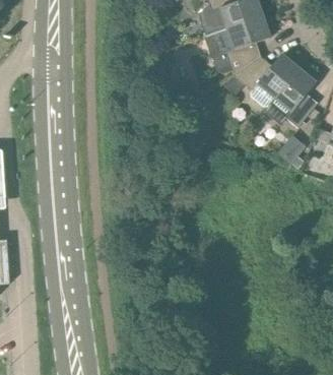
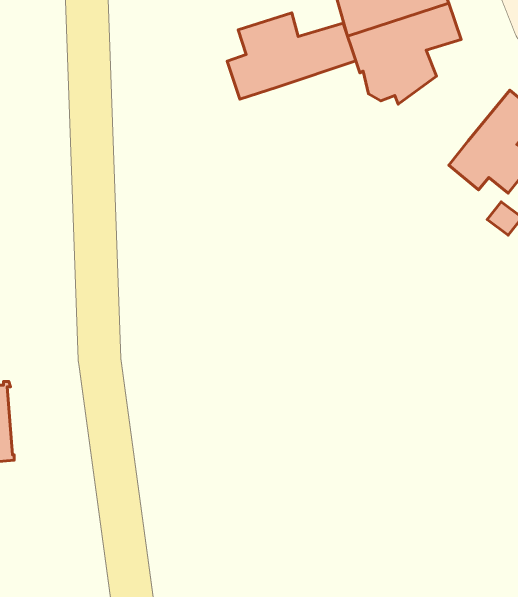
building: none -> [227,13,356,99]
building: [235,53,299,97] -> none

